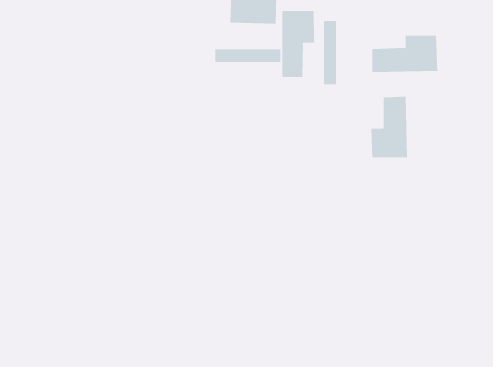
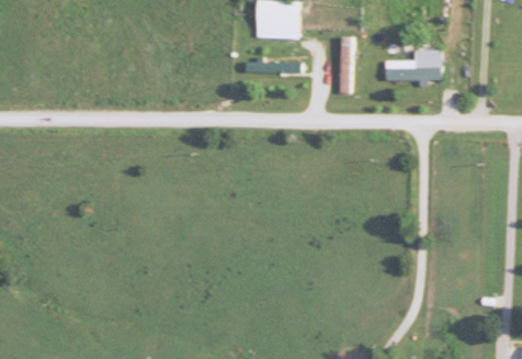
building: [282,10,315,78] -> none
building: [371,96,407,158] -> none

